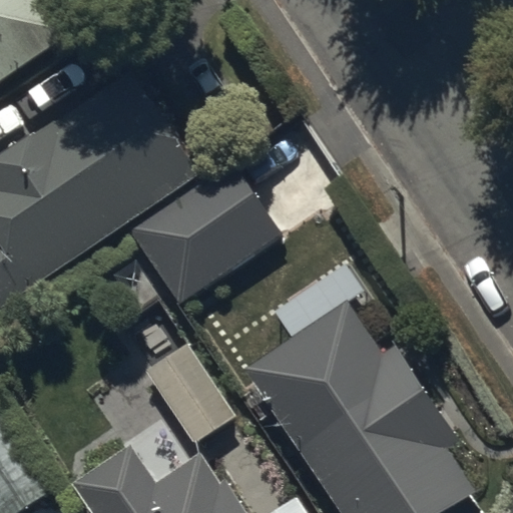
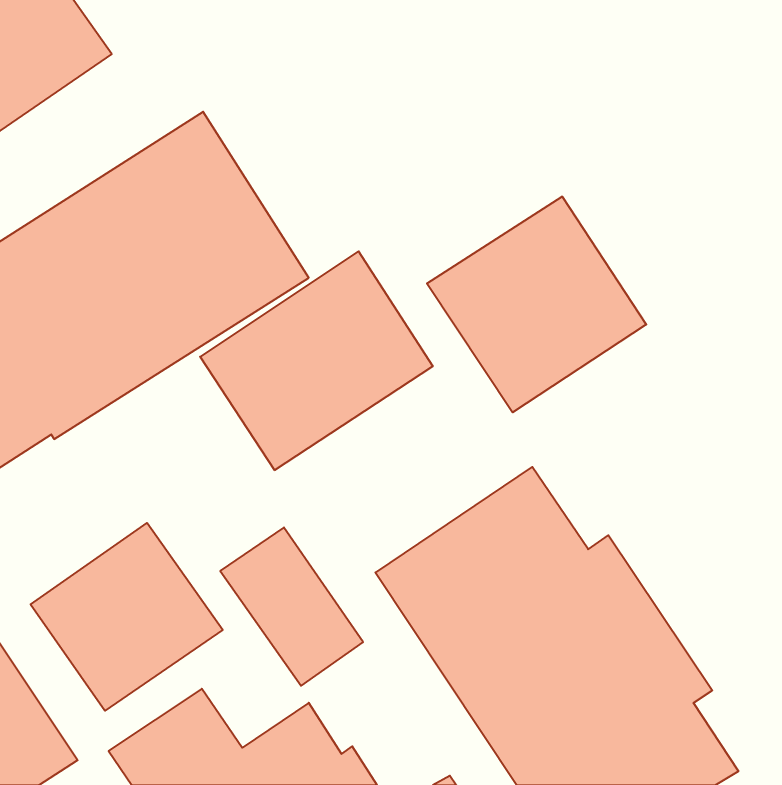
building: none -> [427,196,646,412]
building: none -> [31,523,223,711]

